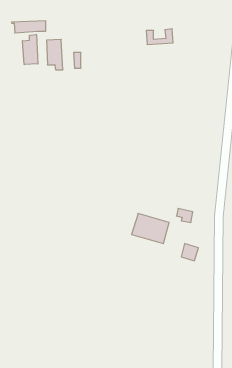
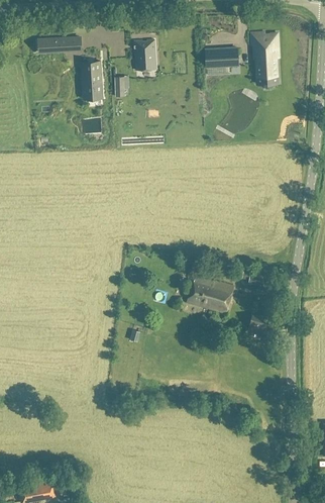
building: none -> [250,33,278,84]
building: none -> [133,40,155,71]
building: [23,34,38,65] -> none

